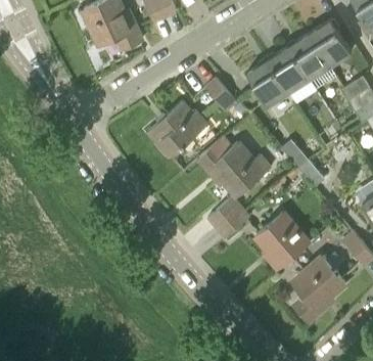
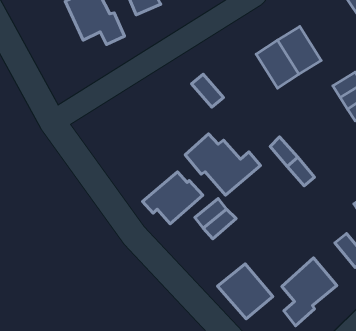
building: [310,19,352,65] -> none
building: [246,59,288,105] -> none
building: [148,102,206,152] -> [142,172,203,224]
building: [255,213,309,266] -> [218,264,273,319]

